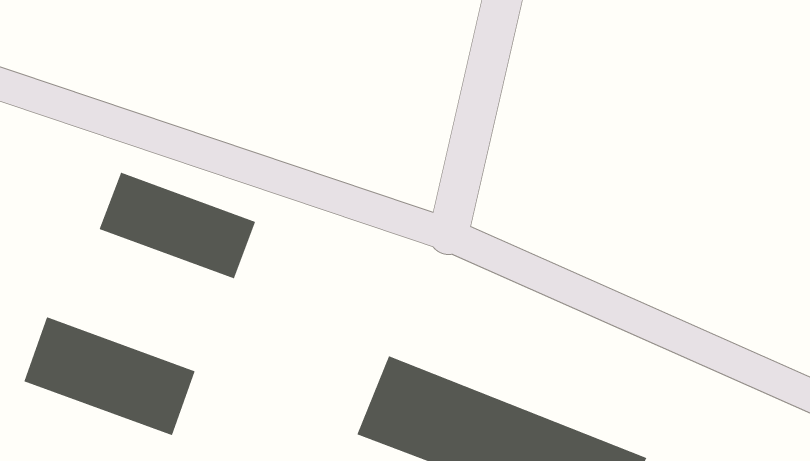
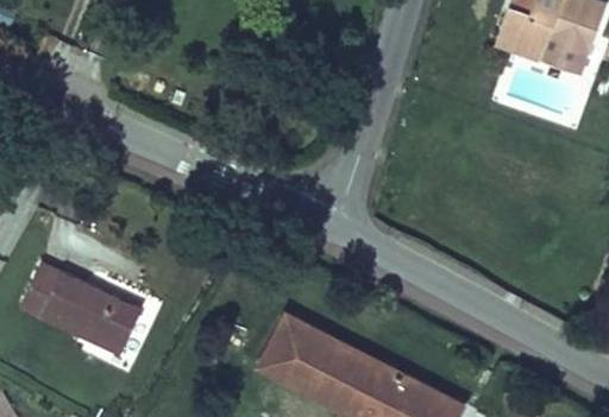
building: [99,172,256,279] -> none

